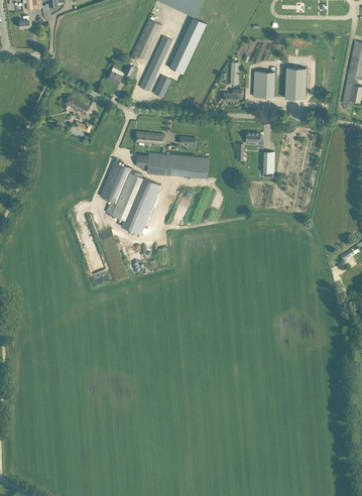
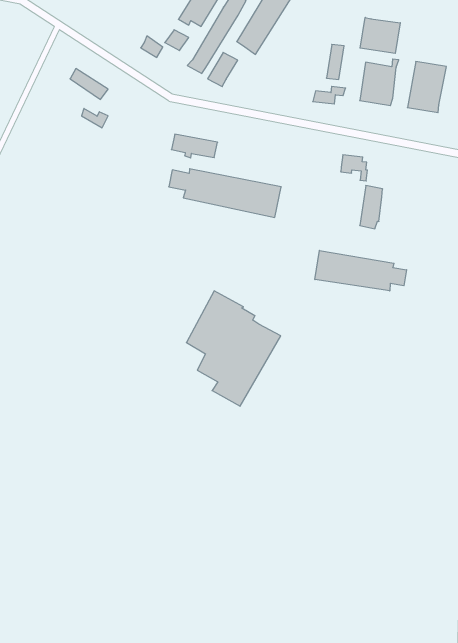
building: none -> [360,17,400,53]
building: [100,161,160,234] -> [186,291,281,406]
building: none -> [315,250,407,291]

